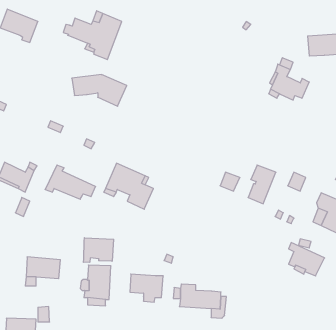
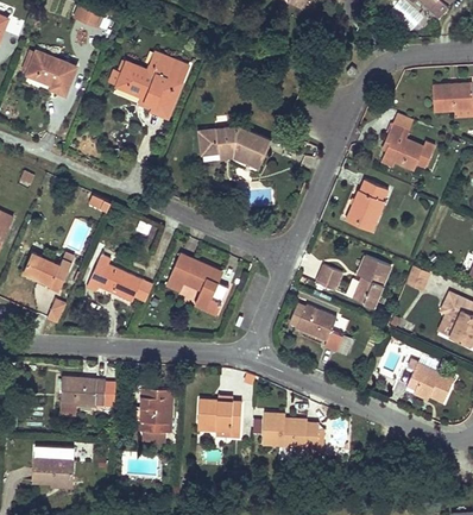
building: [72,75,127,106] -> [198,126,271,168]
building: none -> [345,180,387,231]
building: none -> [289,303,351,354]
building: [83,238,114,262] -> none

